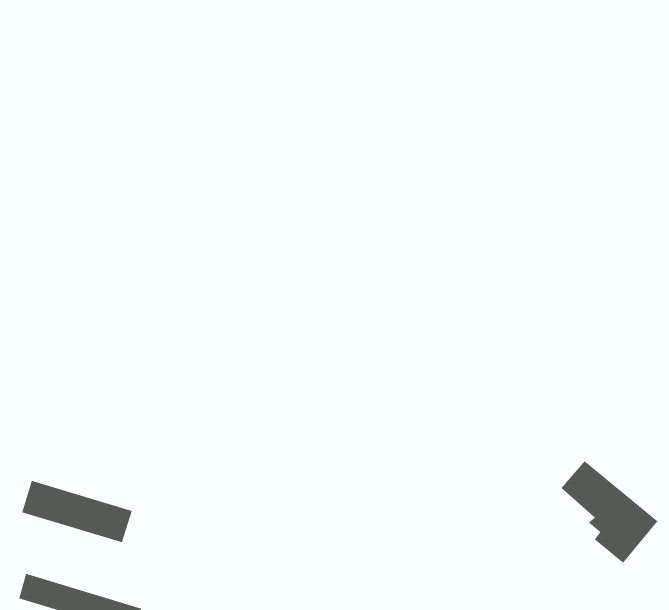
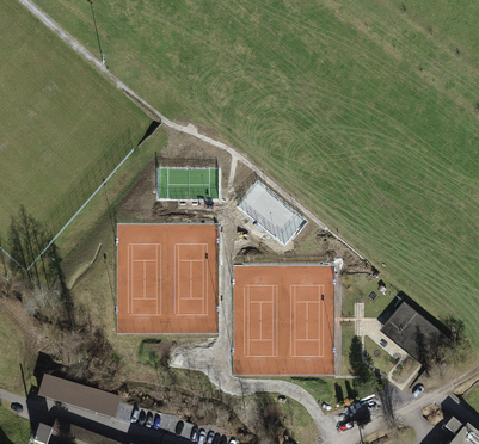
building: [21,480,133,543] -> none

